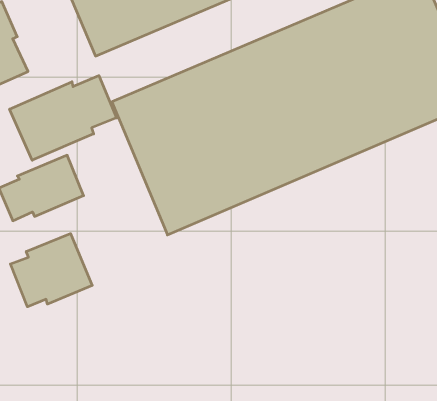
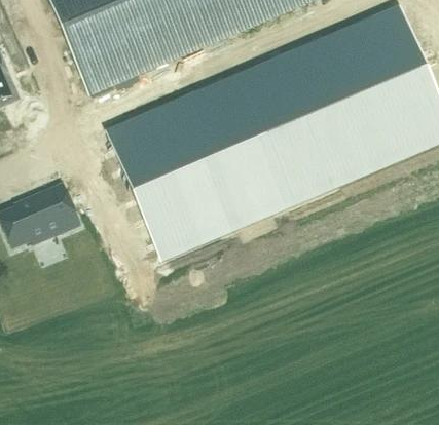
building: [10,76,117,160] -> none
building: [10,234,92,307] -> none

